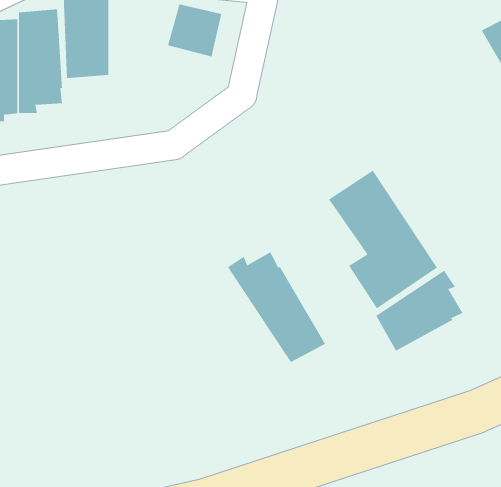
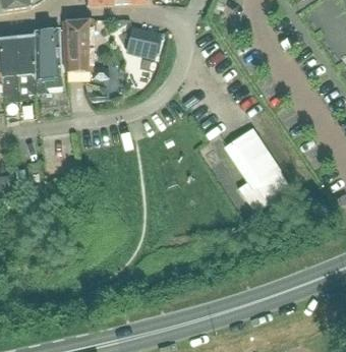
building: [227,252,326,363] -> none
building: [375,270,463,352] -> none

